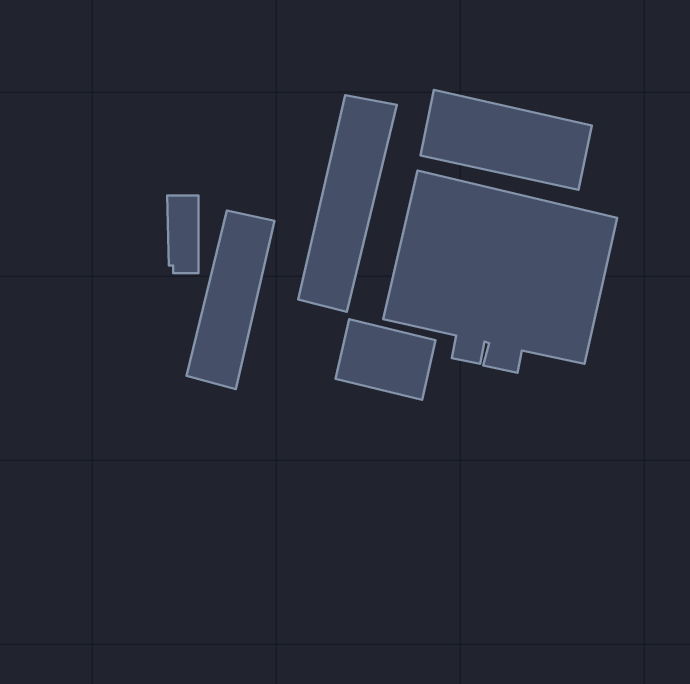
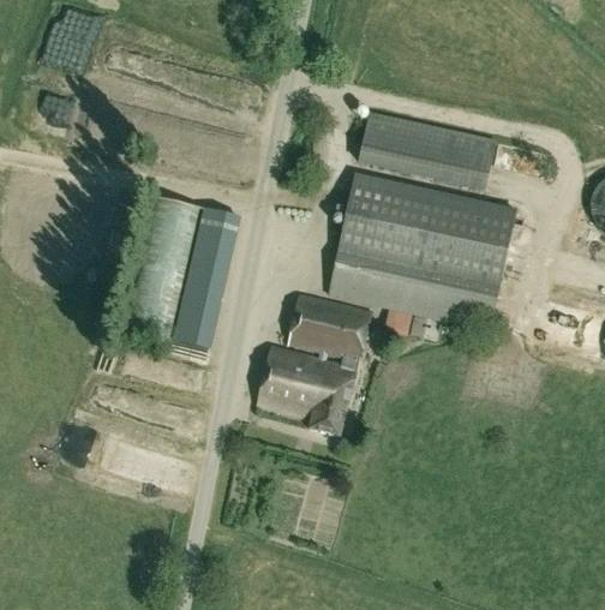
building: [298,95,397,312] -> none
building: none -> [257,343,357,435]

